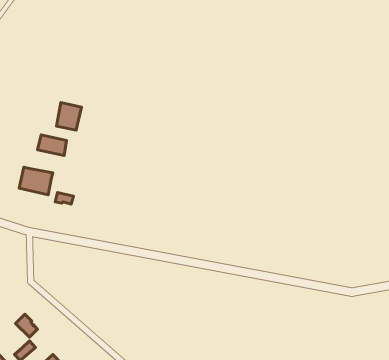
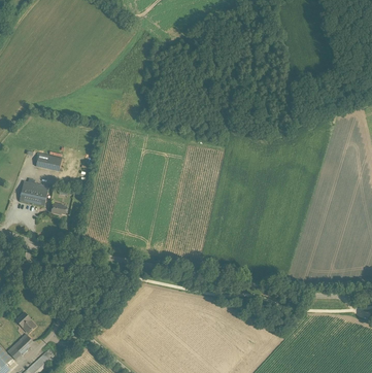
building: [57,103,81,130] -> none

